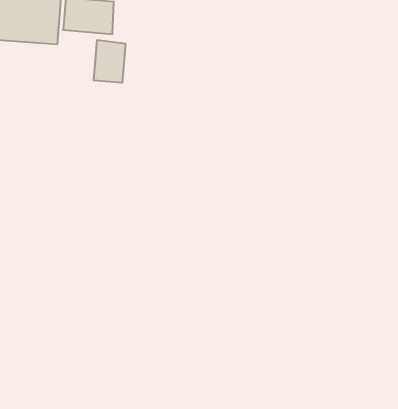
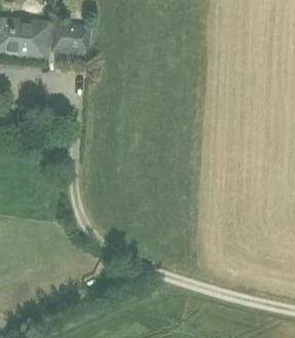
building: [94,40,126,83] -> none

